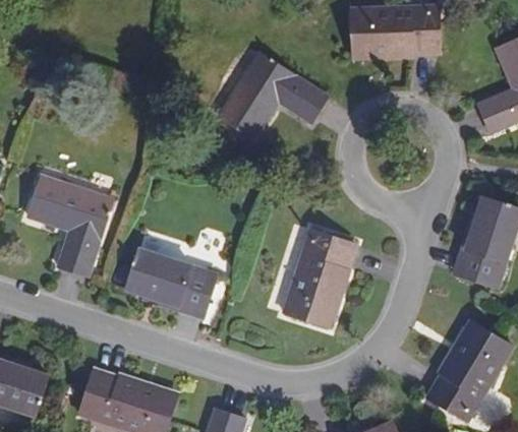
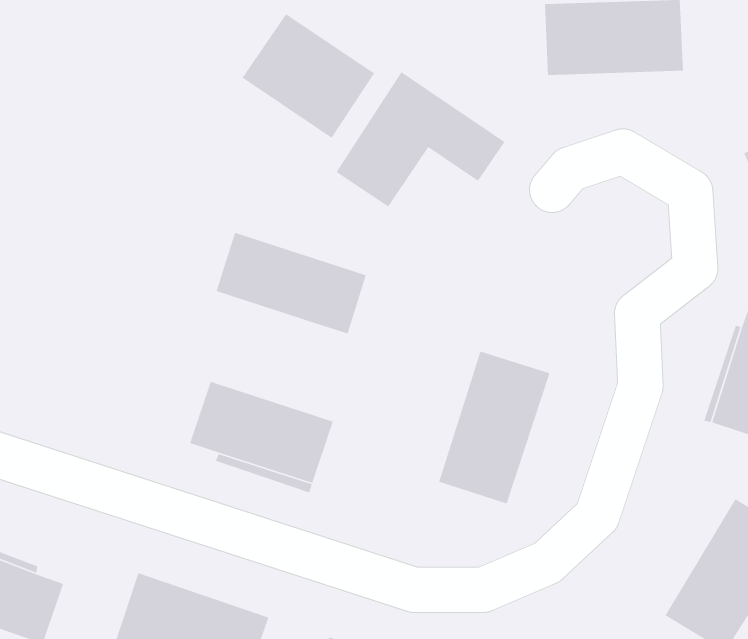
building: none -> [242,13,375,139]
building: none -> [216,232,367,335]
building: [27,176,112,276] -> none

